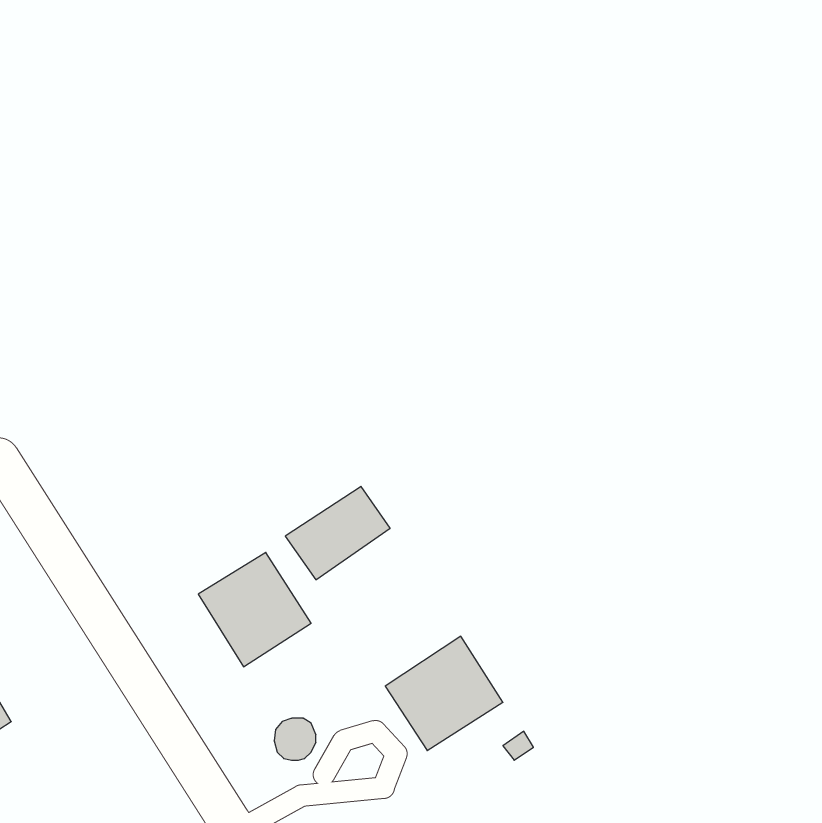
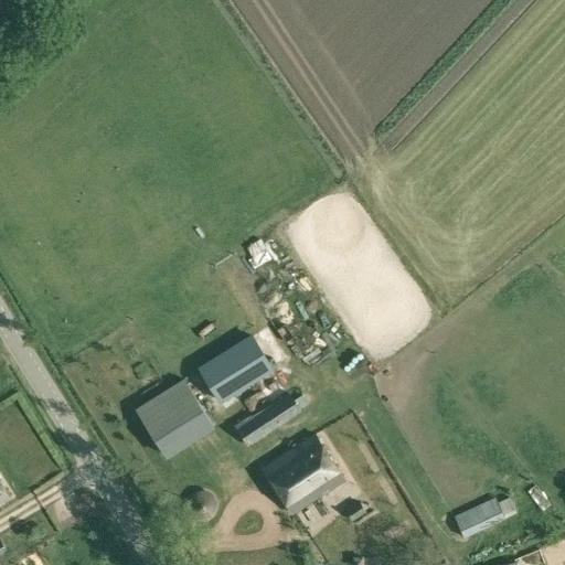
building: none -> [235,394,300,446]
building: none -> [454,499,504,539]

